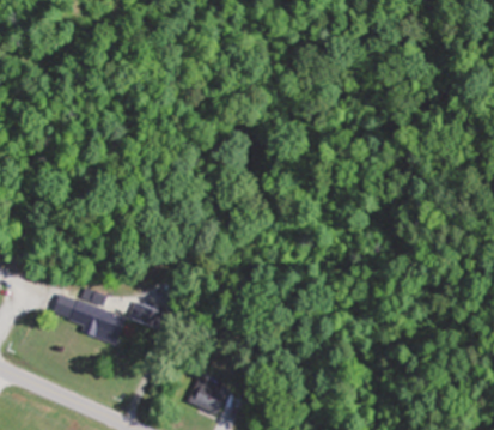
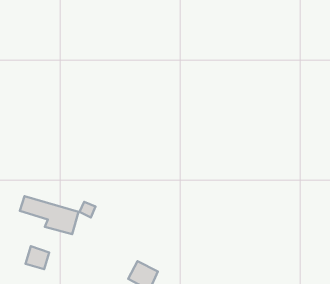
building: none -> [26,246,49,269]

